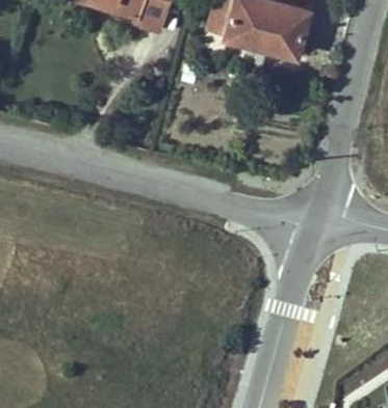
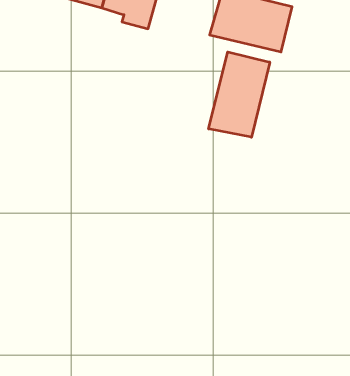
building: none -> [209,52,270,137]

